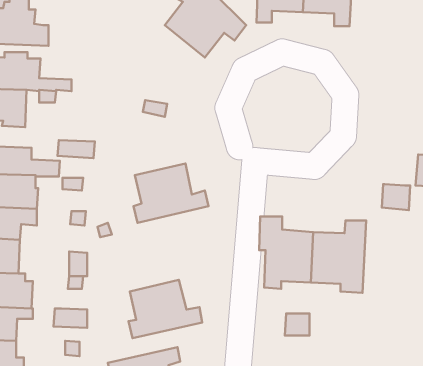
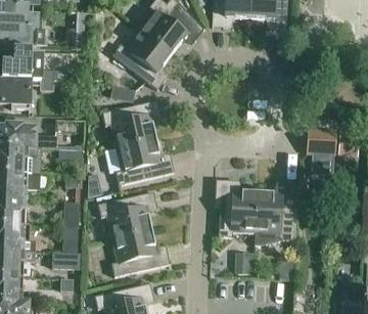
building: none -> [111,29,171,90]
building: none -> [101,100,159,147]
building: none -> [306,128,336,155]
building: none -> [97,191,155,239]

